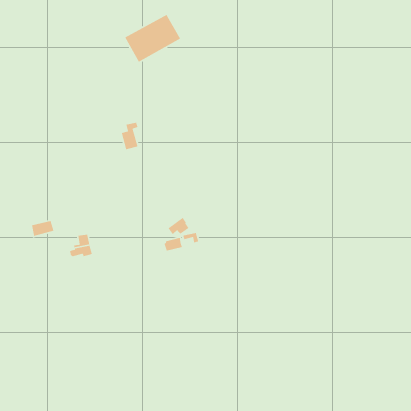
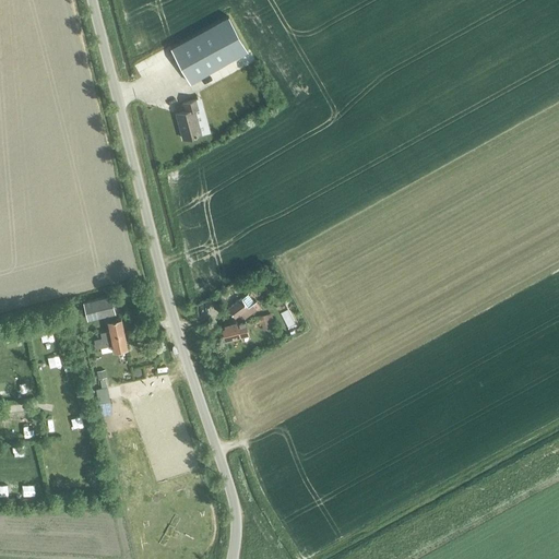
building: [121,122,138,150] -> [176,103,200,141]
building: [31,220,54,237] -> [84,295,116,318]

